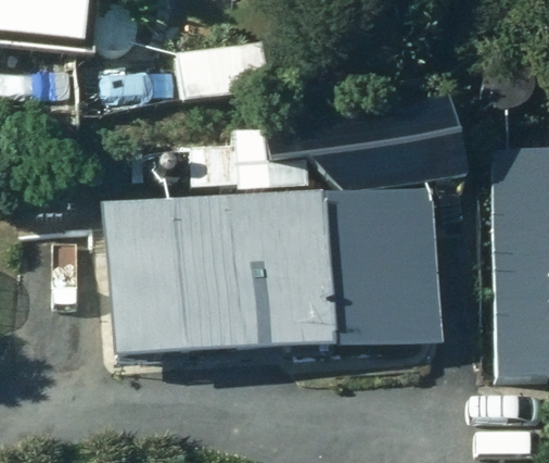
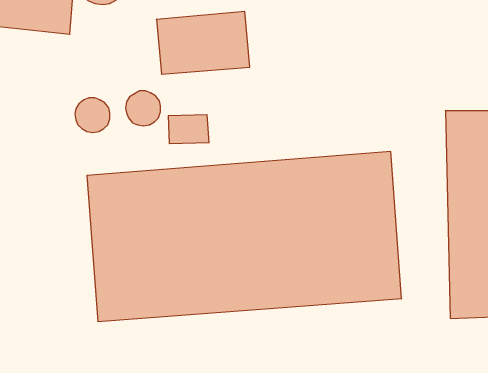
building: [247,109,463,201] -> none

